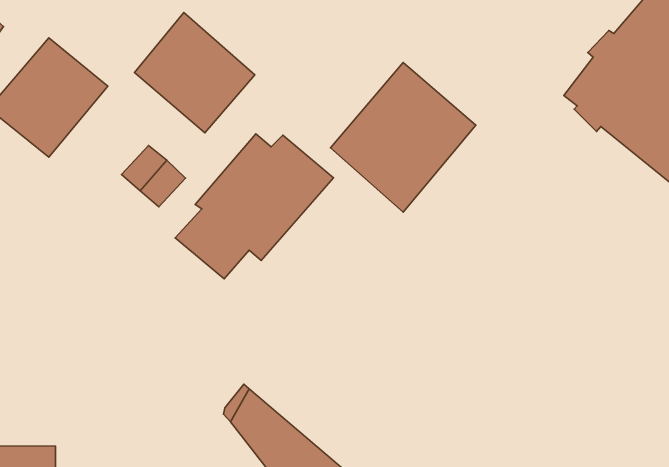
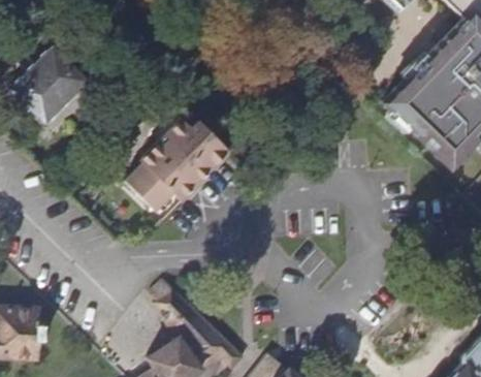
building: [134,13,255,133] -> none
building: [330,63,476,212] -> none

